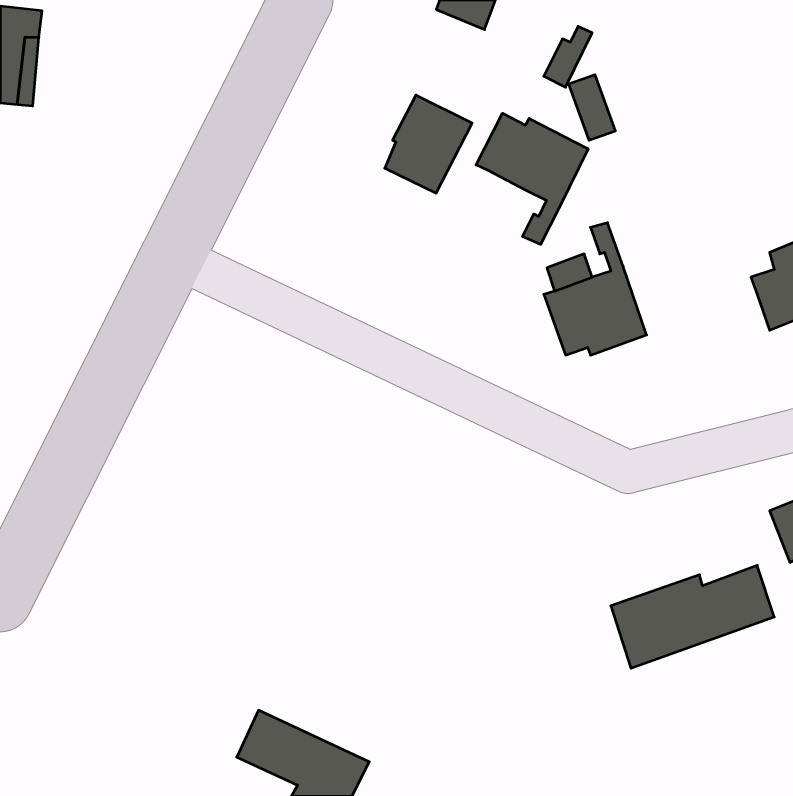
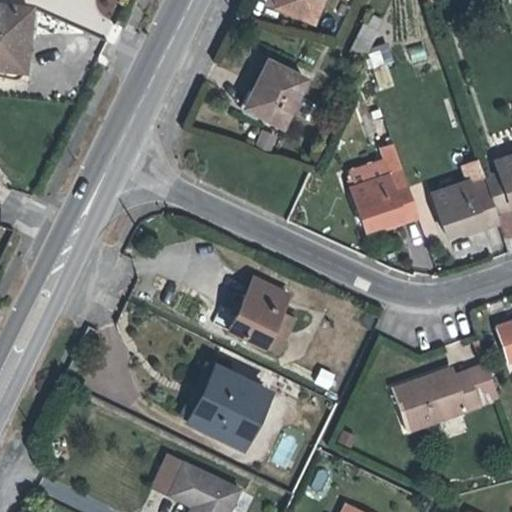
building: [476,113,588,244] -> none
building: none -> [433,182,499,234]
building: none -> [231,280,294,352]
building: none -> [188,365,268,445]

